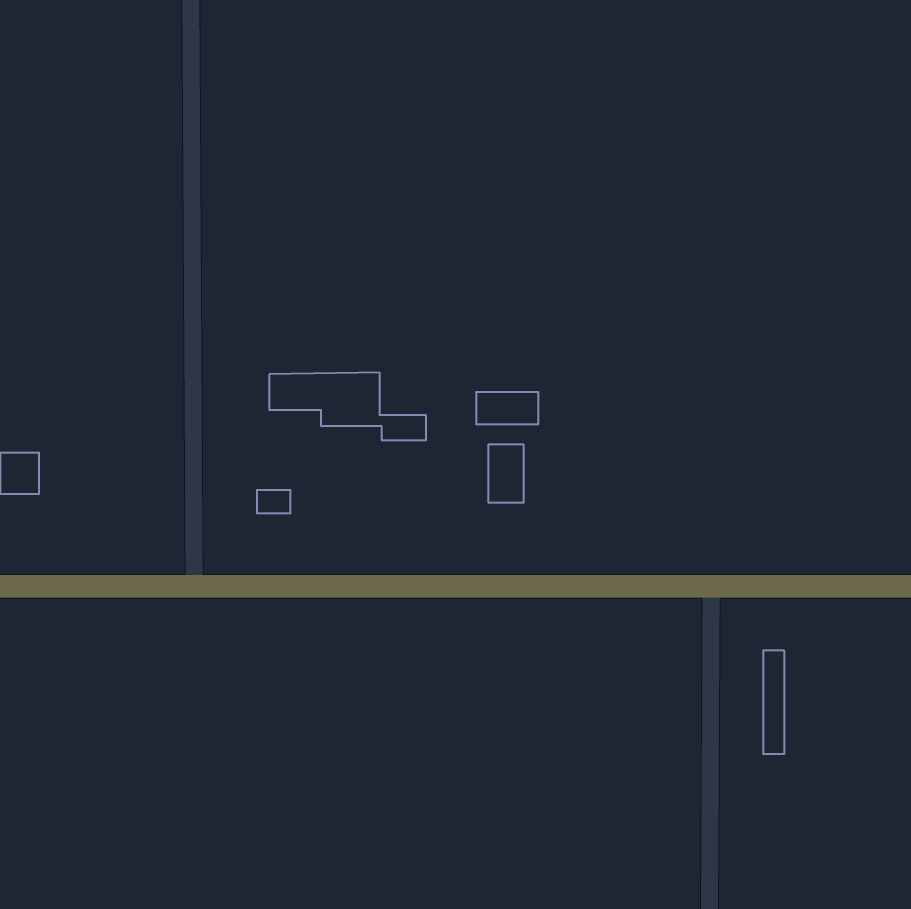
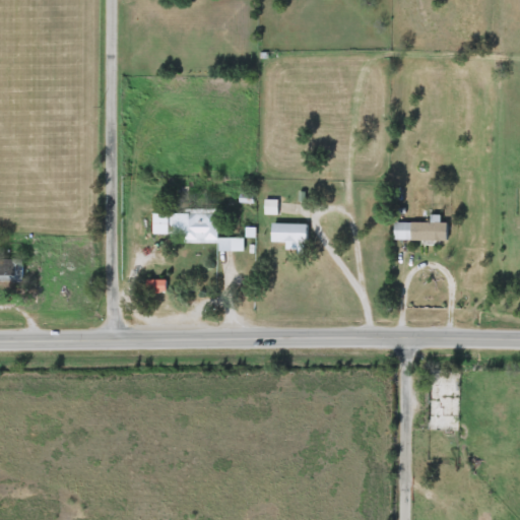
building: none -> [393,221,446,240]
building: [489,444,523,503] -> none

